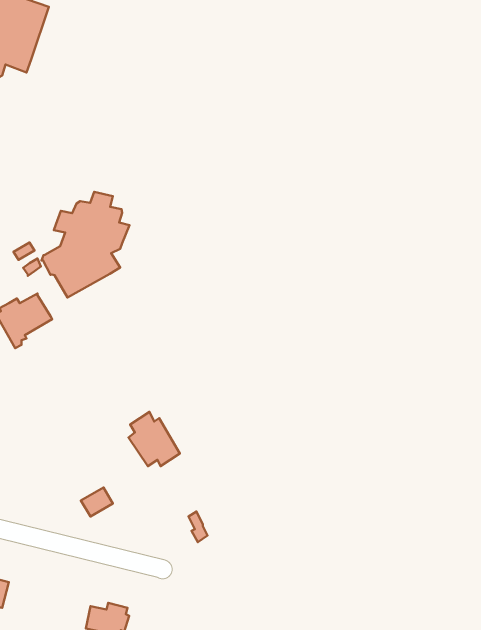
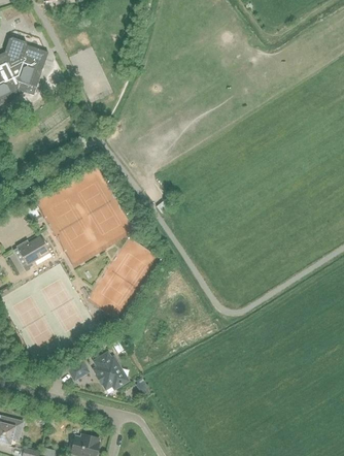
building: [41,192,129,297] -> none
building: [129,412,180,466] -> [94,352,127,387]

